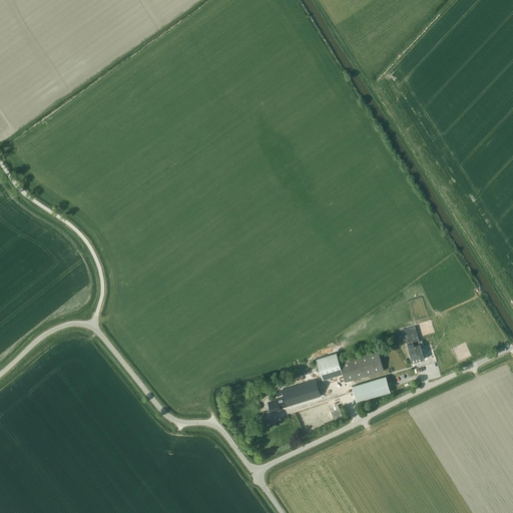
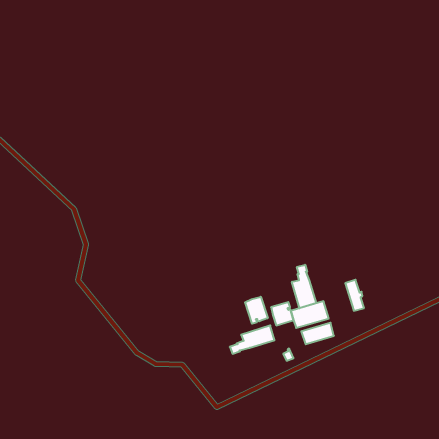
building: none -> [292,265,316,308]
building: none -> [245,297,268,324]

